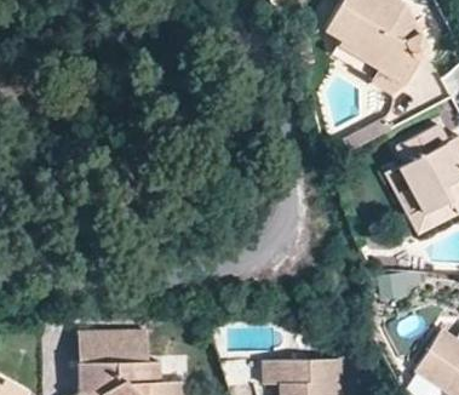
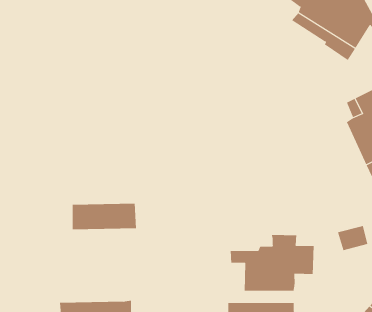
building: none -> [230,234,314,291]
building: [79,332,150,361] -> [72,203,137,230]

